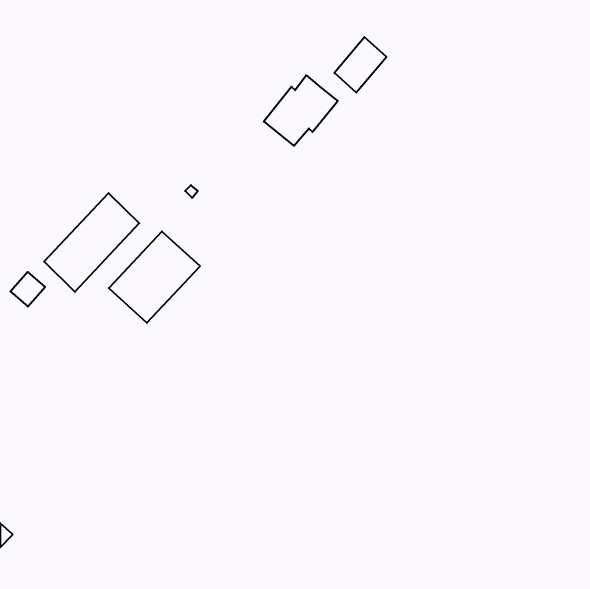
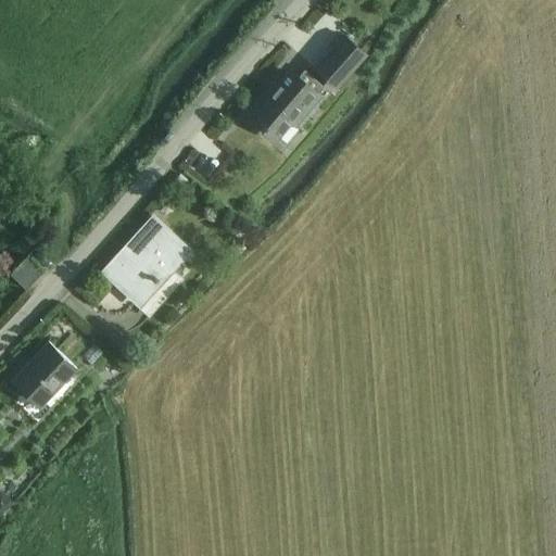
building: [44,193,139,292] -> none
building: none -> [12,343,76,409]

